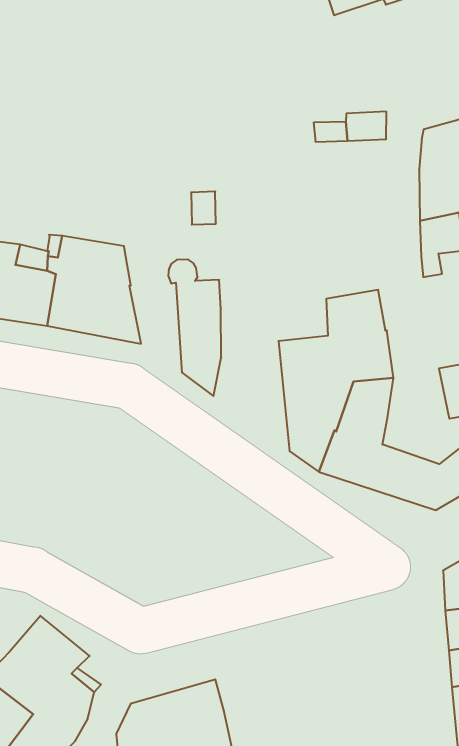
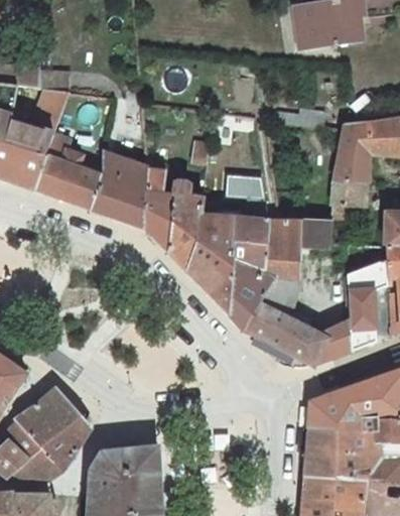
building: none -> [186,176,267,311]
building: none -> [146,168,175,251]
building: none -> [300,221,331,248]

